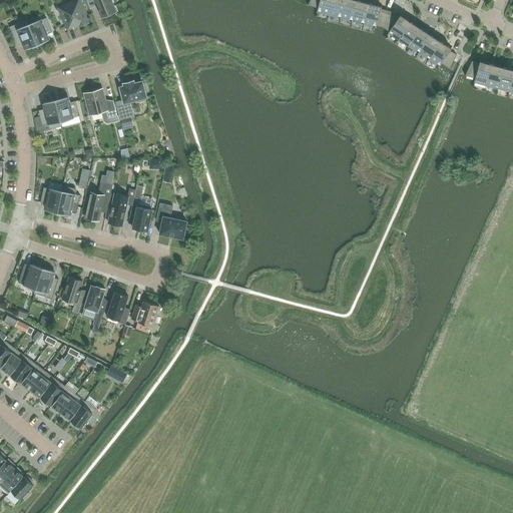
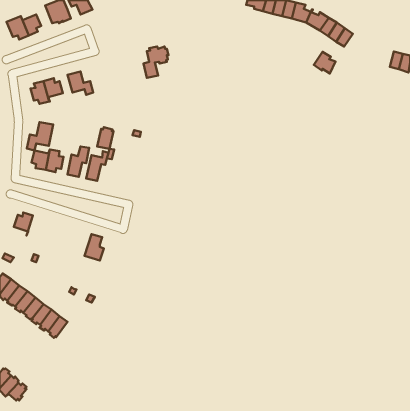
building: [429,42,456,69] -> [314,52,336,74]
building: [465,61,491,83] -> none
building: [115,81,146,120] -> [144,46,169,78]
building: none -> [27,122,53,150]
building: [155,203,186,239] -> none
building: [131,204,151,231] -> [97,127,113,149]
building: [33,269,58,300] -> none
building: [61,278,84,304] -> none
building: [83,286,106,319] -> none
building: [130,302,157,327] -> none
building: [70,401,95,429] -> none

